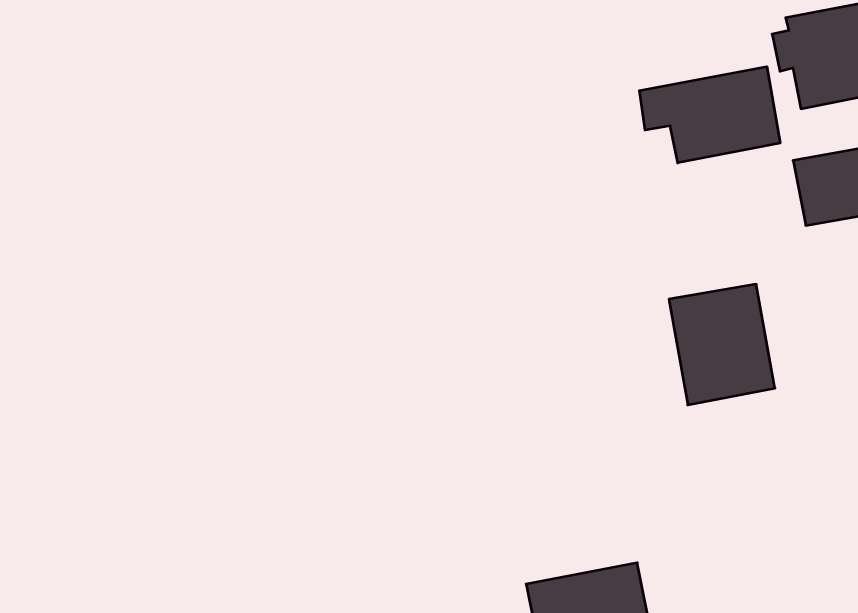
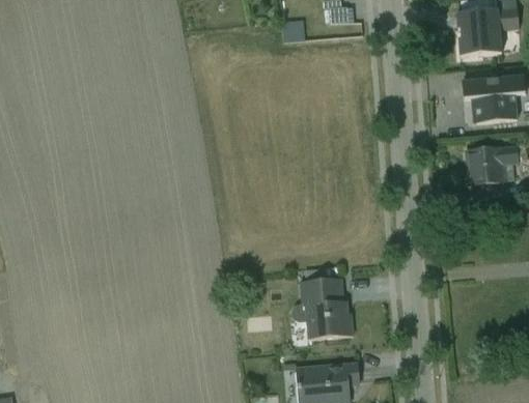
building: [639,67,780,163] -> none
building: [669,284,775,405] -> [300,279,353,341]

